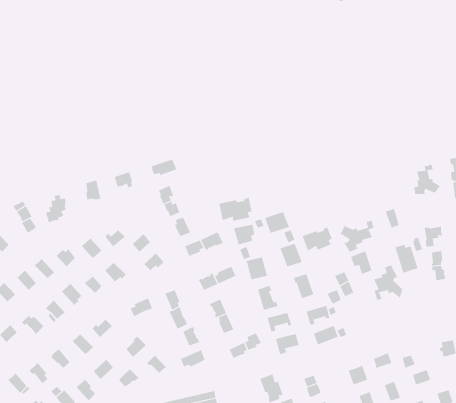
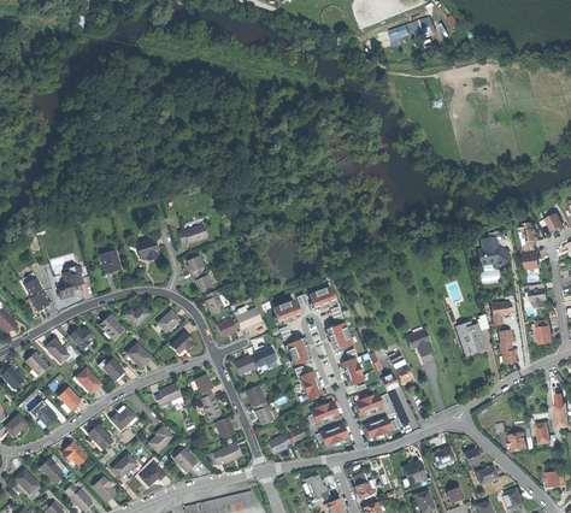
building: [219,197,252,221] -> none
building: [339,220,374,253] -> none
building: [302,226,332,251] -> none
building: [374,264,403,301] -> none

